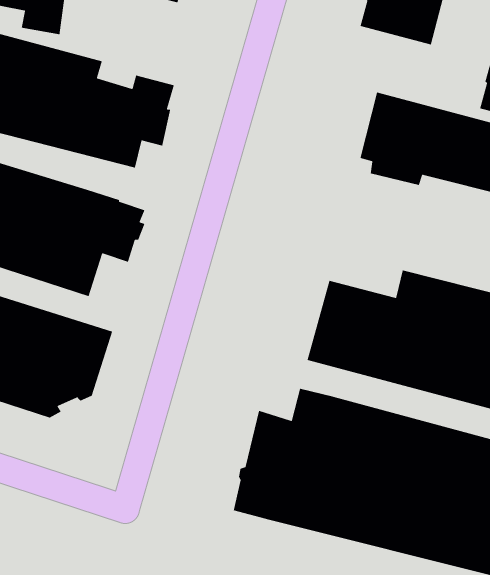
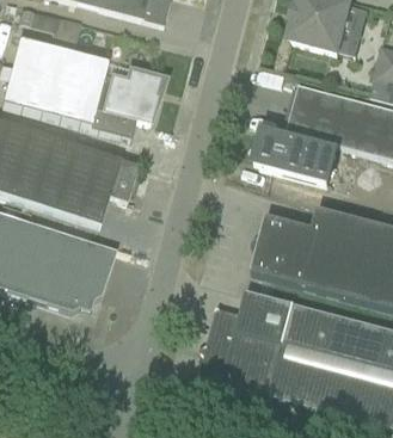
building: none -> [256,132,338,183]

